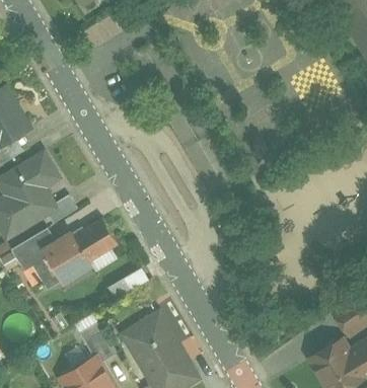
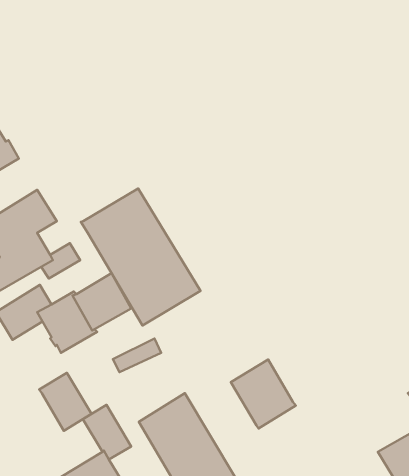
building: none -> [81,189,200,325]
building: none -> [231,359,296,428]
building: none -> [39,373,91,431]

